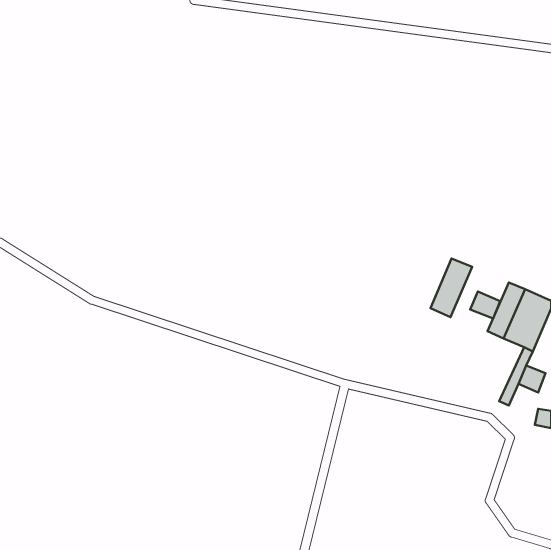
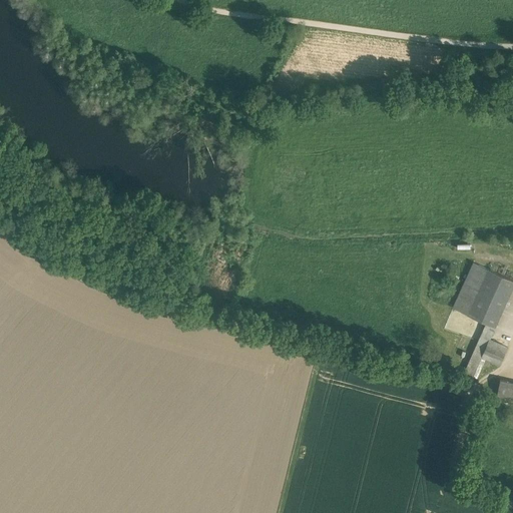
building: [430,258,472,317] -> none
building: [470,292,500,318] -> none

